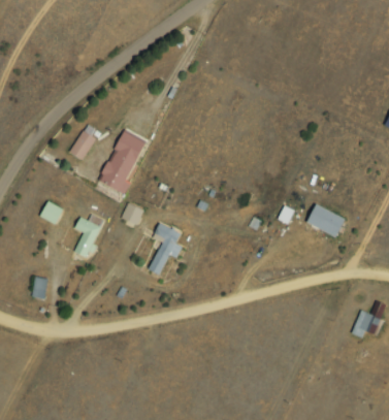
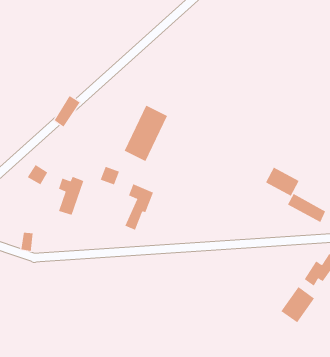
building: [98,129,148,193] -> [124,105,168,162]
building: none -> [287,193,326,223]
building: none -> [281,286,315,323]

